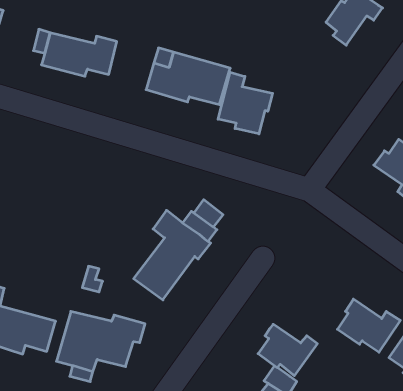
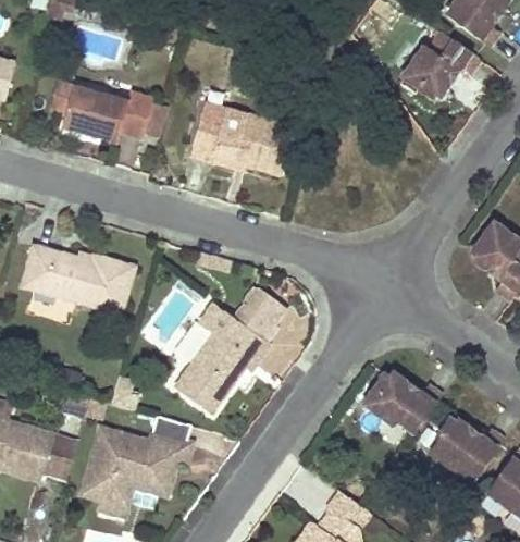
building: [218,72,273,134] -> none
building: none -> [16,244,129,311]
building: [258,324,317,376] -> [368,368,441,431]

